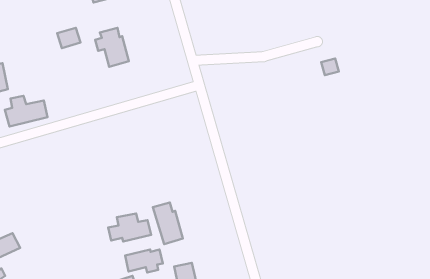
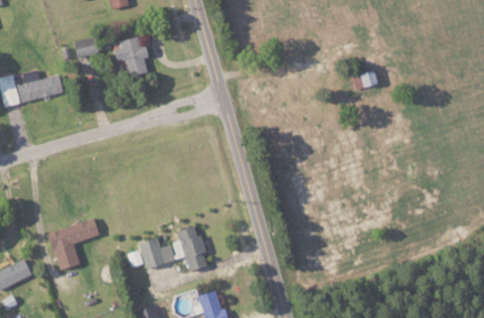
building: [5,96,48,126] -> [16,69,62,103]
building: none -> [47,218,100,270]
building: [125,249,163,273] -> none

